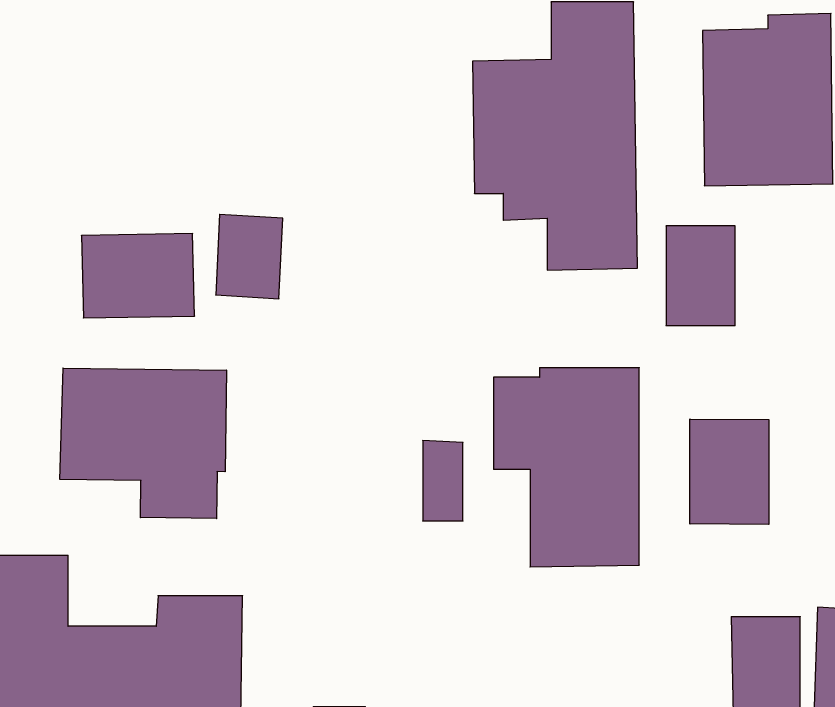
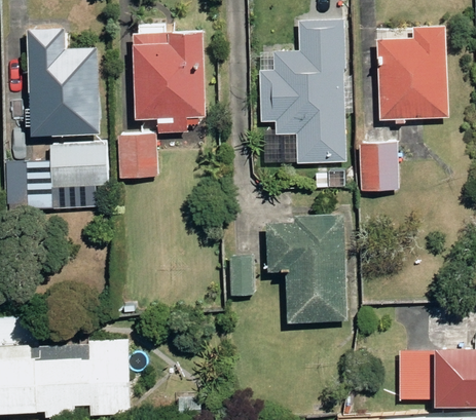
building: none -> [28,30,101,138]
building: none -> [135,30,205,133]
building: [60,368,226,519] -> none
building: [690,419,769,524] -> none

